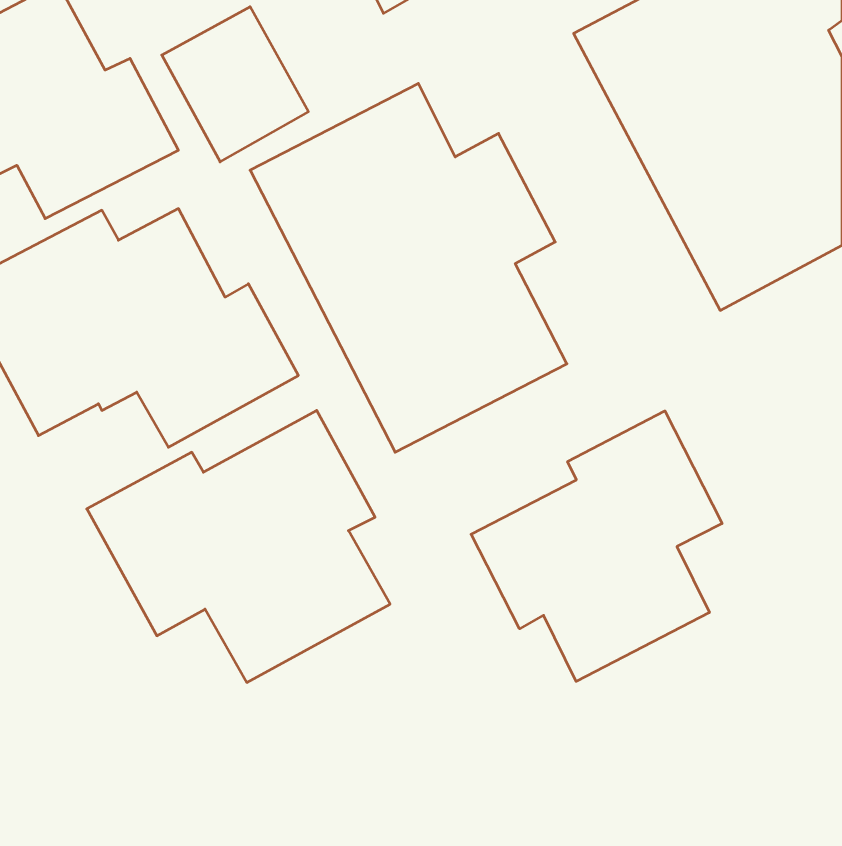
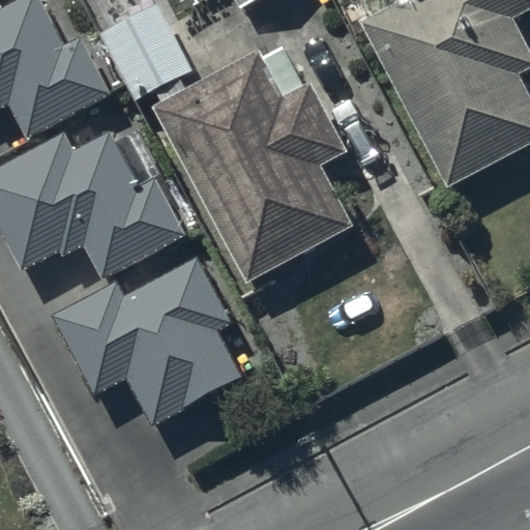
building: [471,411,722,681] -> none

